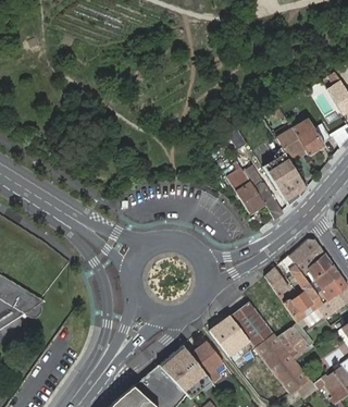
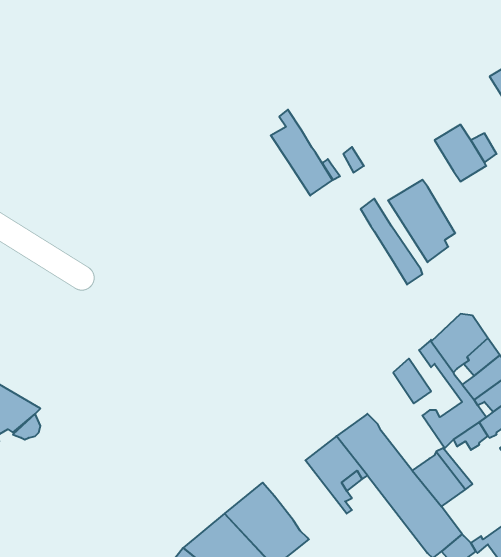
building: [274,128,302,158] -> none
building: [224,159,263,213] -> [271,110,333,196]
building: [189,341,223,380] -> none

